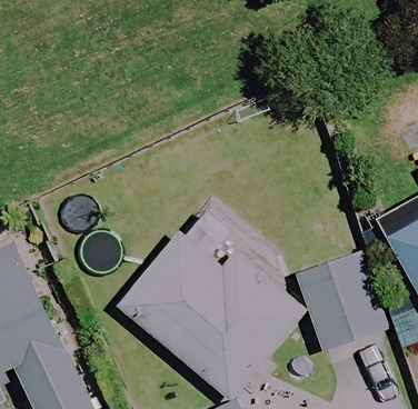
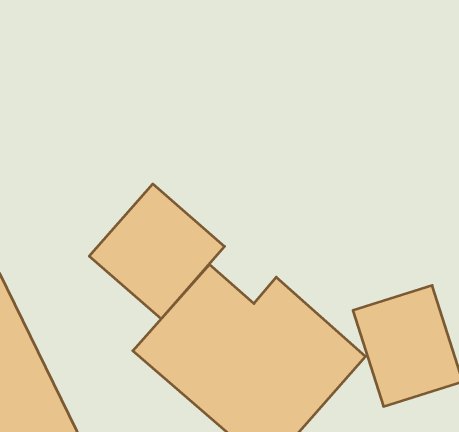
building: none -> [89,184,225,319]

